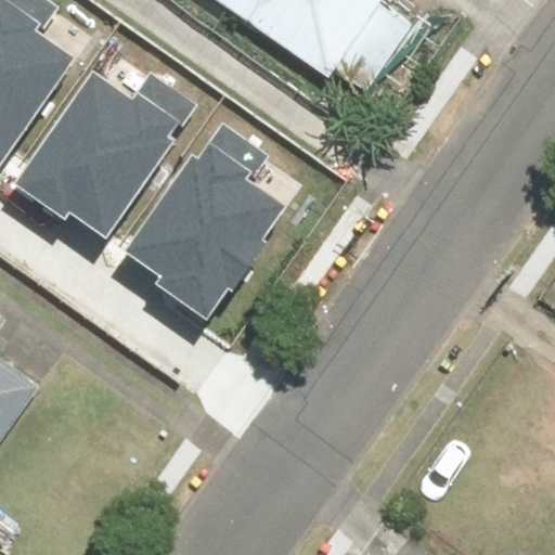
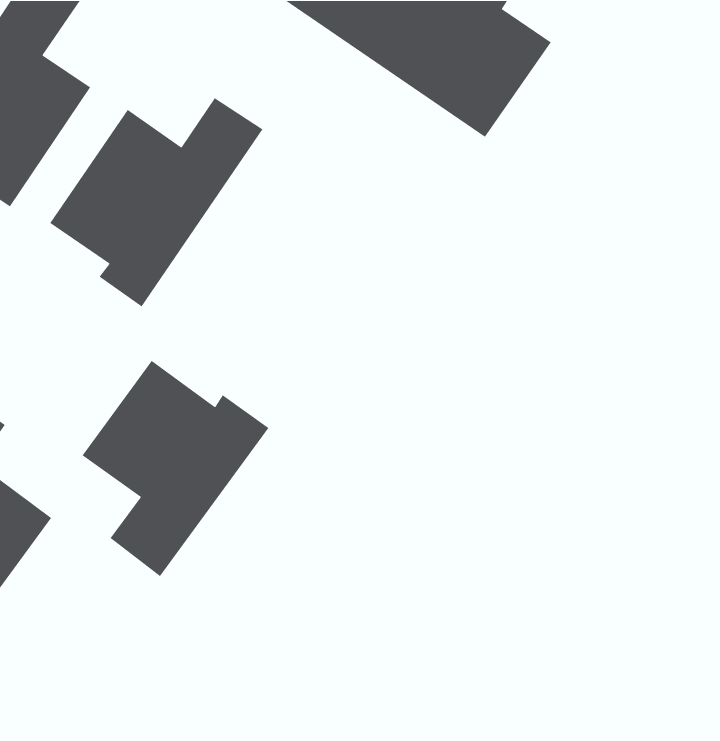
building: [134,103,272,299] -> none
building: none -> [82,360,269,577]

